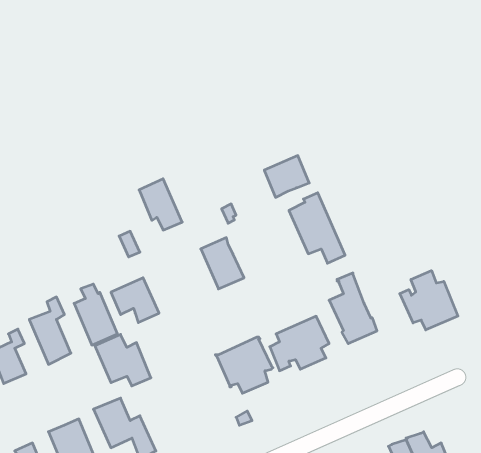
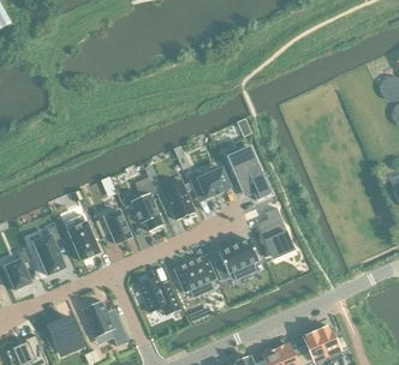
building: [264,156,309,197] -> [196,167,230,198]
building: [139,179,182,230] -> [130,192,162,231]
building: [400,271,458,330] -> none
building: [95,334,151,386] -> [137,275,179,313]

